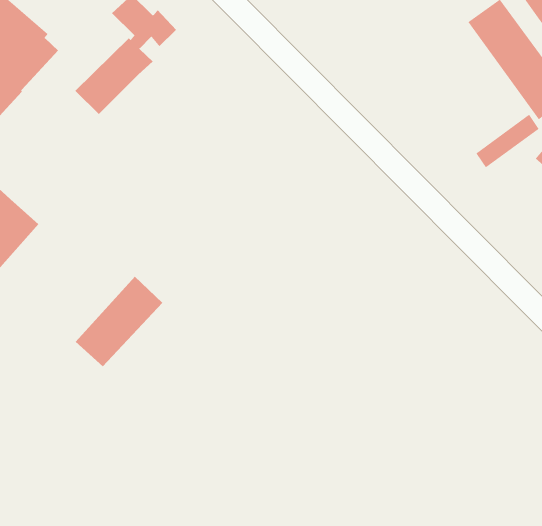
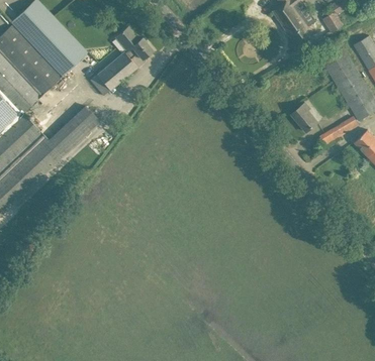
building: none -> [291,102,318,131]
building: [75,276,163,367] -> [48,104,101,155]

